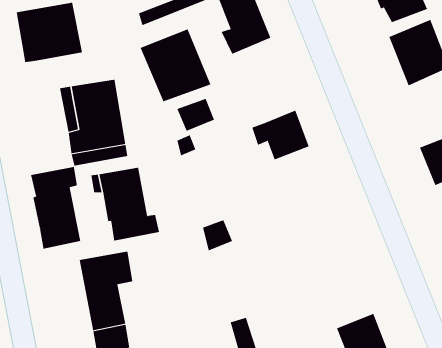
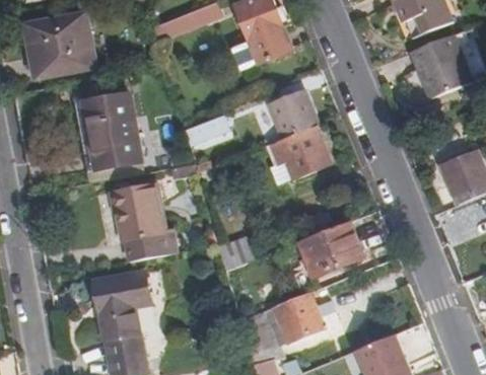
building: [140,28,211,102] -> none
building: none -> [268,88,318,139]
building: [31,166,81,249] -> none
building: none -> [297,221,362,277]
building: none -> [270,294,335,344]

